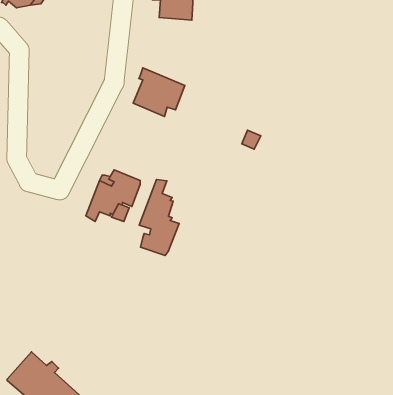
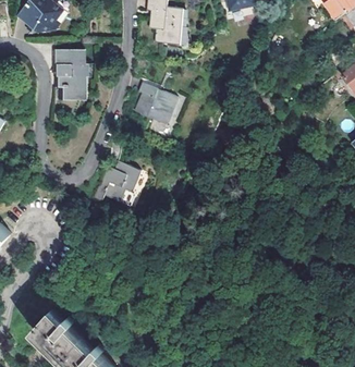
building: none -> [56,50,94,100]
building: [139,179,179,256] -> none

